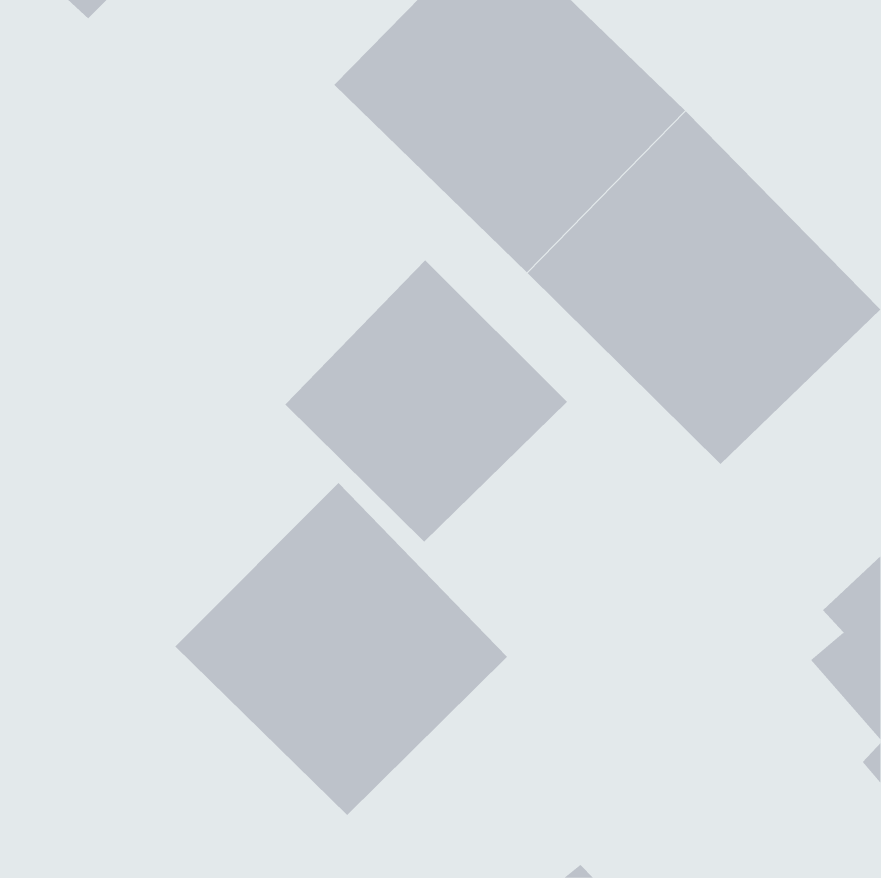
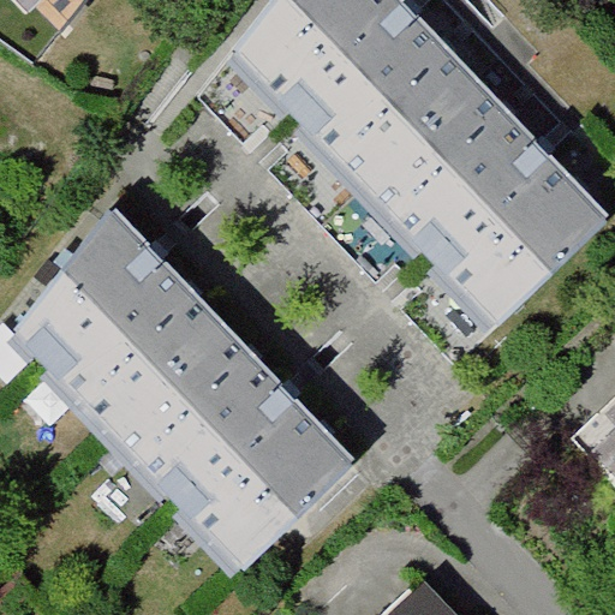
building: [285,259,568,543] -> none
building: none -> [6,220,235,449]

